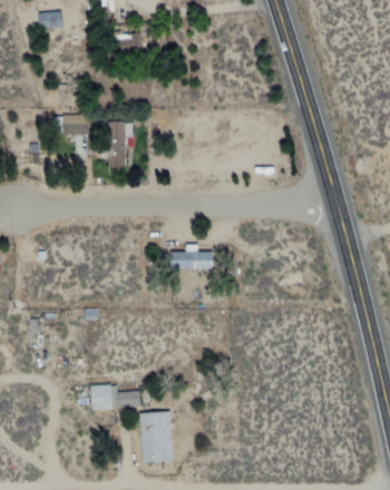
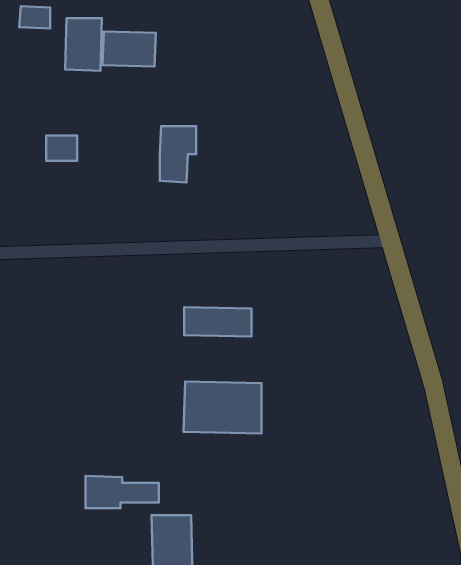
building: none -> [65,18,102,71]
building: [105,124,134,168] -> [160,126,196,182]
building: none -> [184,381,261,433]

